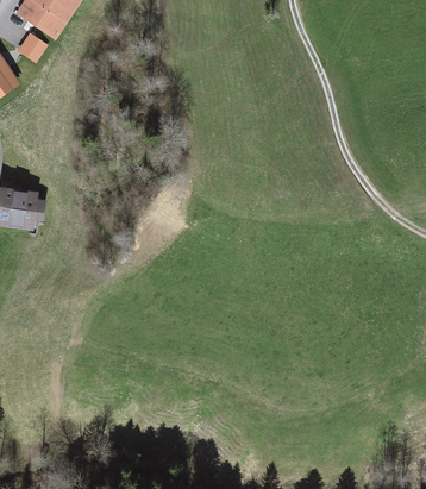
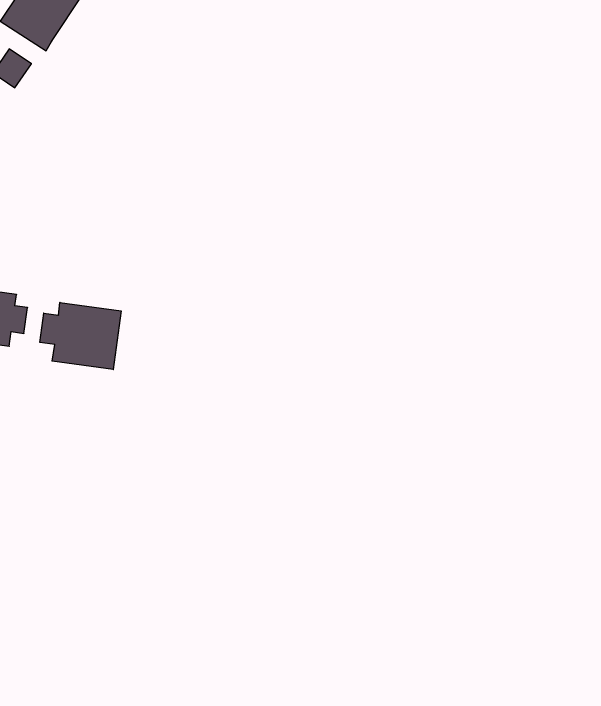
building: none -> [40,302,121,370]

